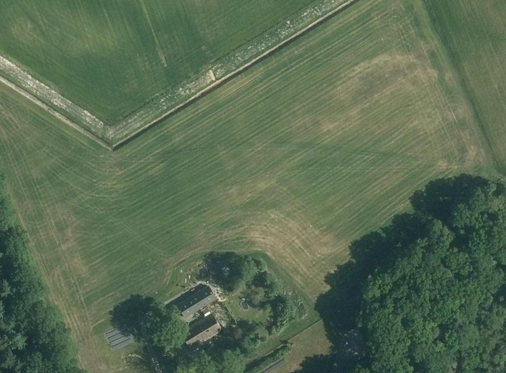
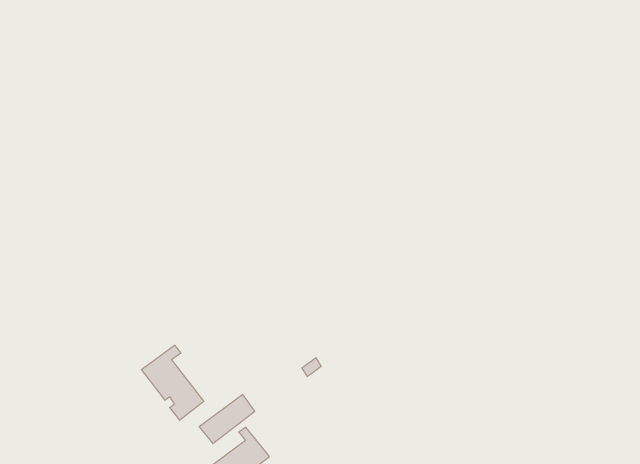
building: none -> [141,345,204,420]

